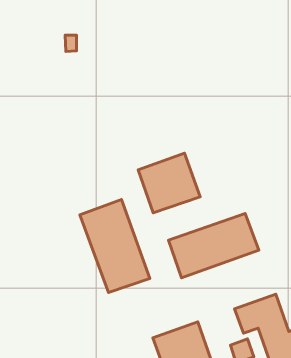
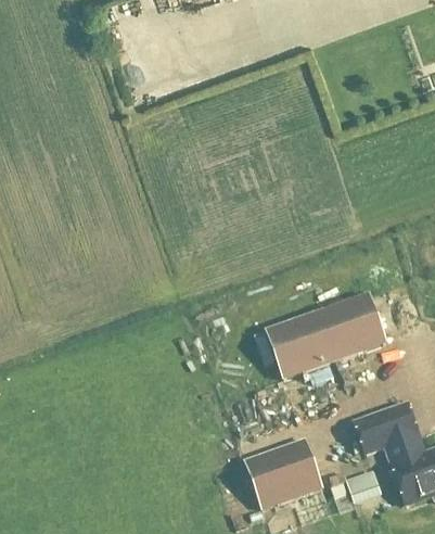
building: [138,153,200,213] -> none
building: [80,199,150,293] -> none

